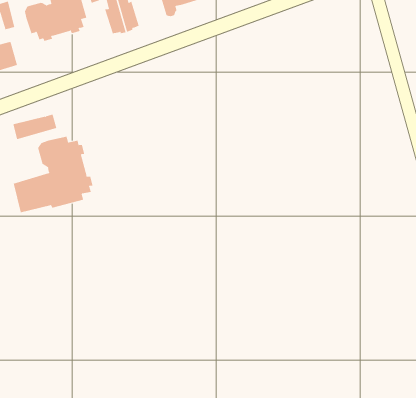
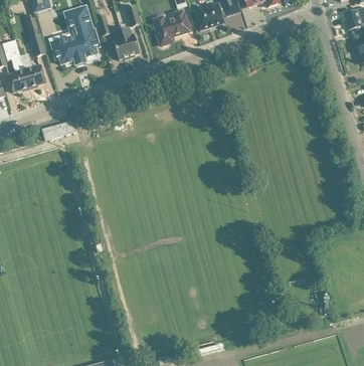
building: [13,136,93,213] -> none

